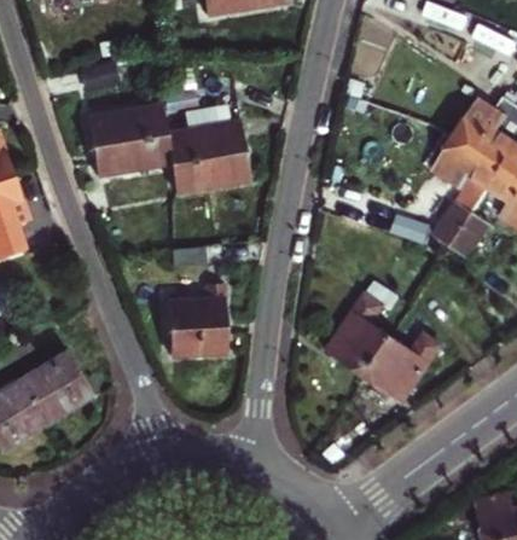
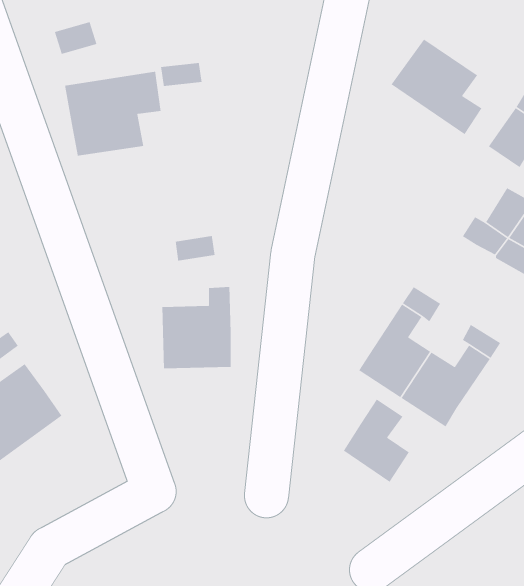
building: none -> [390,39,482,135]
building: [147,124,250,207] -> none
building: none -> [343,399,410,483]

